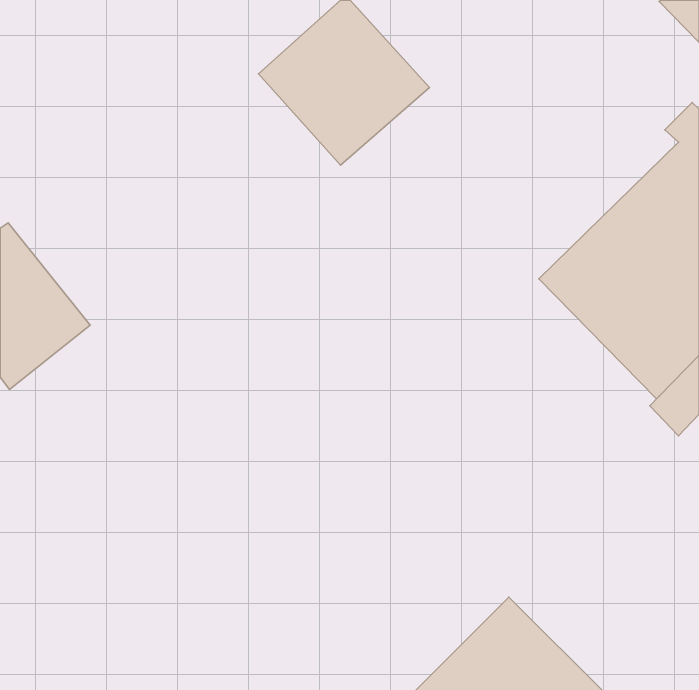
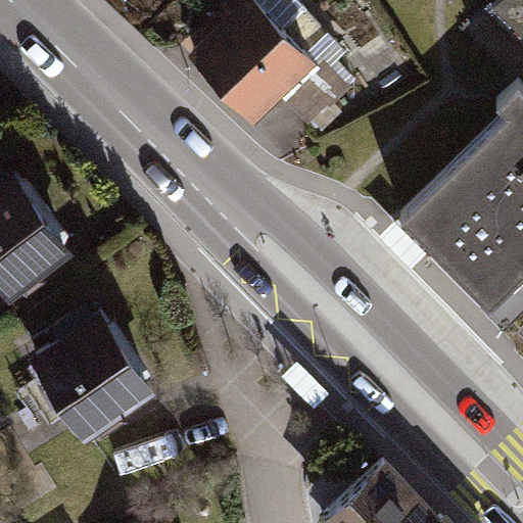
building: none -> [17,314,150,448]

